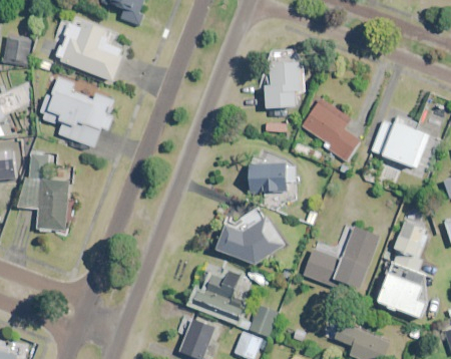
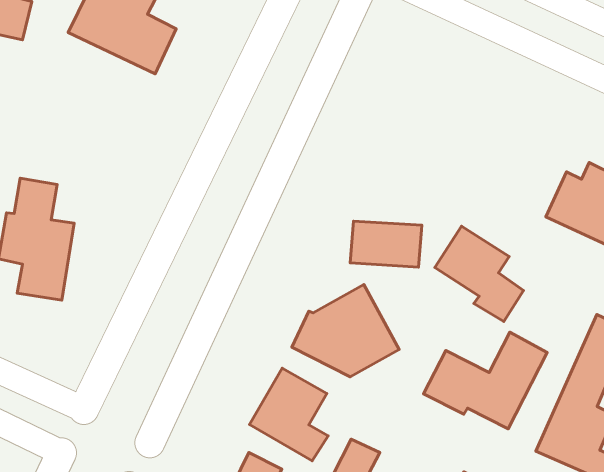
building: [269,62,300,106] -> none
building: [40,78,113,147] -> none
building: [302,100,360,159] -> [435,226,523,322]

